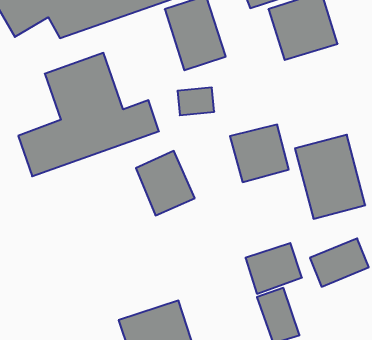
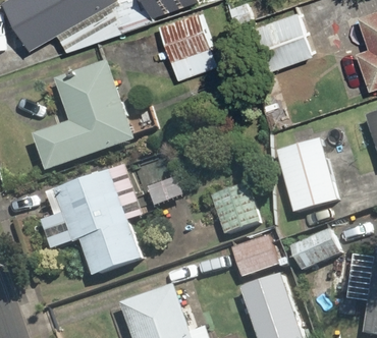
building: [230,125,289,182] -> [211,182,263,233]
building: none -> [45,163,144,278]

